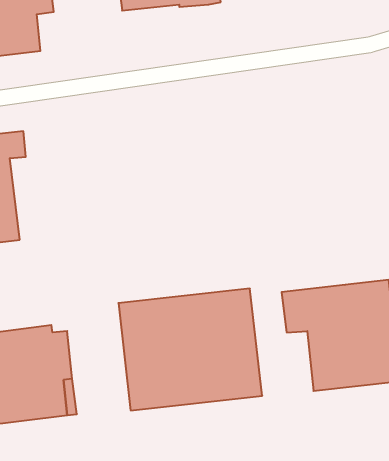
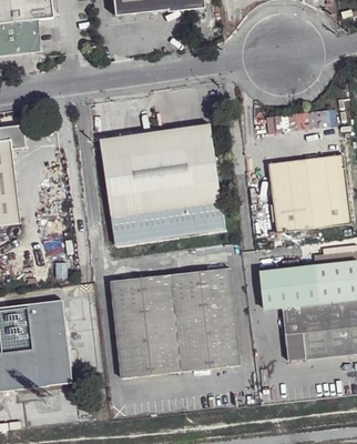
building: none -> [99,123,224,244]
building: none -> [268,154,351,233]

